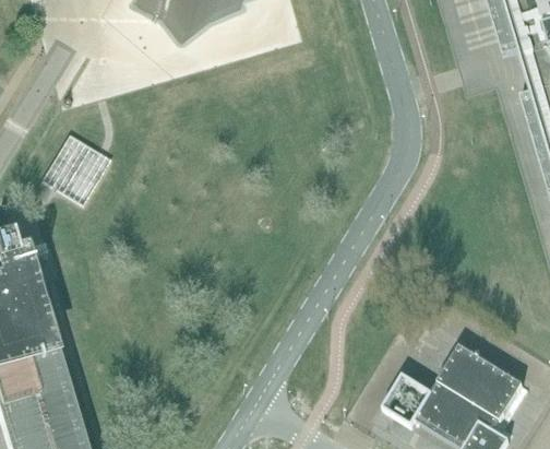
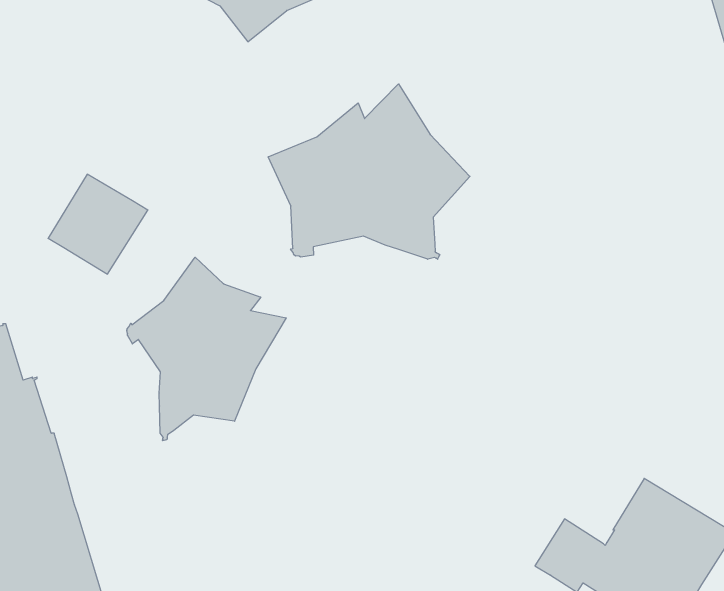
building: none -> [268,84,470,259]
building: none -> [127,257,286,441]

